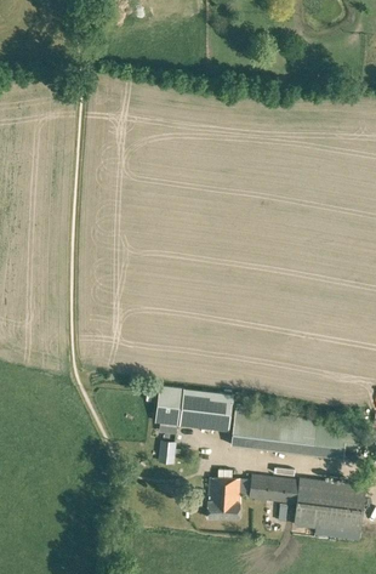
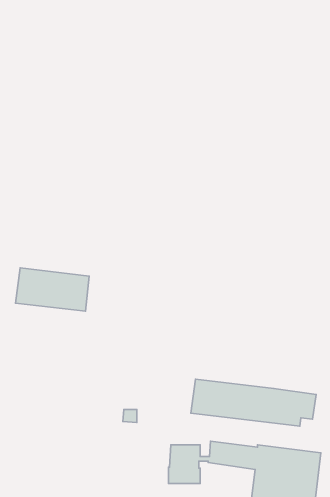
building: [155,386,232,431] -> [15,268,89,311]

